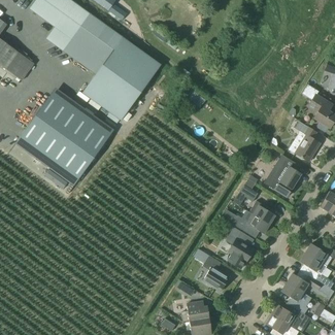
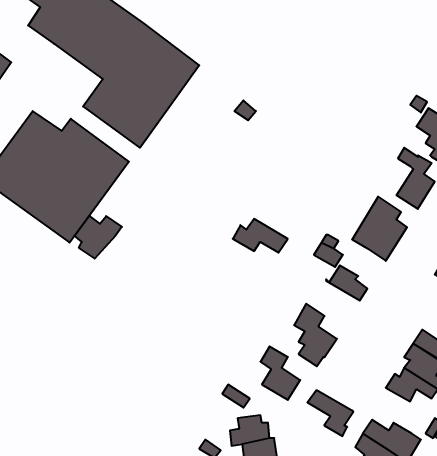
building: none -> [74,216,122,259]
building: [232,210,269,233] -> [233,219,288,253]
building: [280,282,311,313] -> [307,390,353,436]

